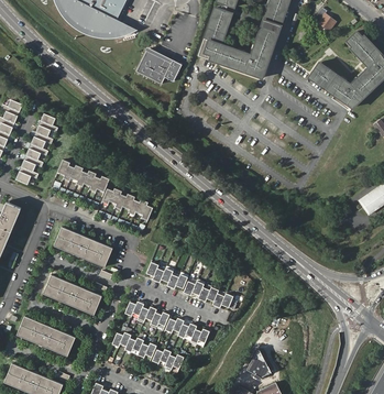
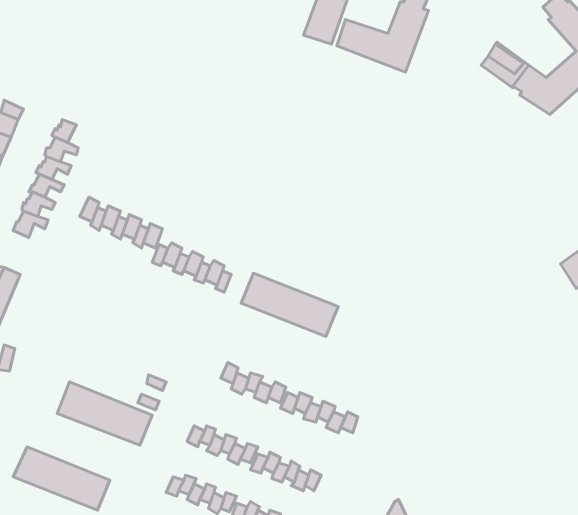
building: [135,46,180,84] -> none
building: [53,226,113,265] -> [241,273,338,336]

